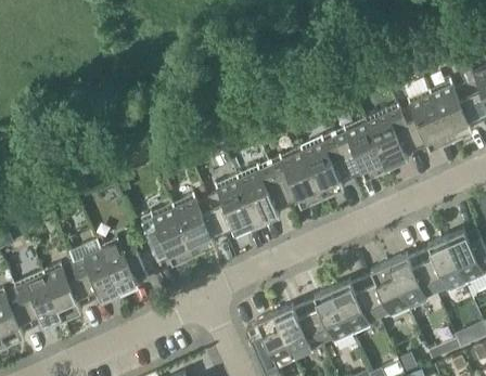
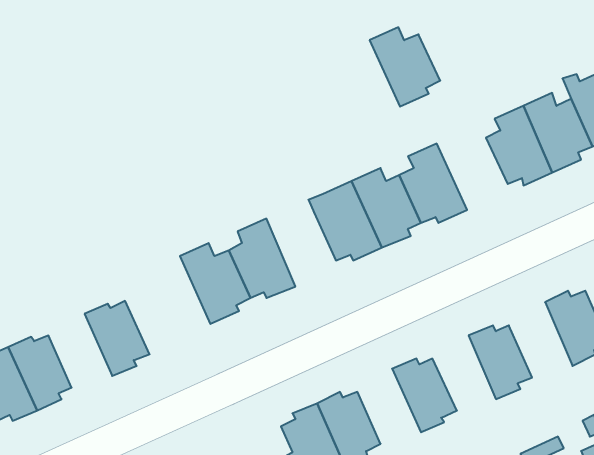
building: [364,107,418,167] -> [370,27,440,107]
building: [236,159,289,224] -> none
building: [139,202,194,262] -> none
building: [64,230,120,300] -> none
building: [419,236,466,293] -> none
building: [361,261,409,317] -> none
building: [305,286,353,342] -> none

